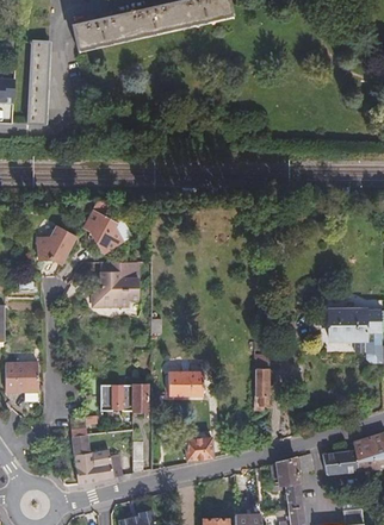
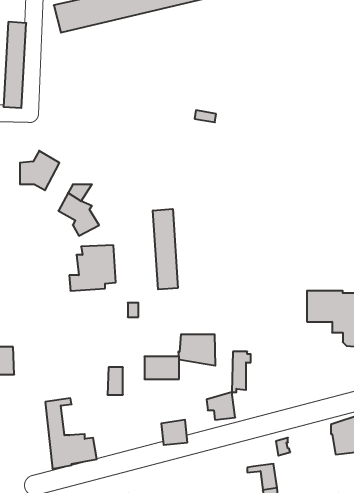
building: [36,225,75,264] -> [20,151,59,190]
building: none -> [153,209,178,289]
building: none -> [178,334,215,366]
building: [99,383,132,411] -> none
building: [323,450,359,474] -> none
building: [268,455,297,482] -> [207,392,235,420]

